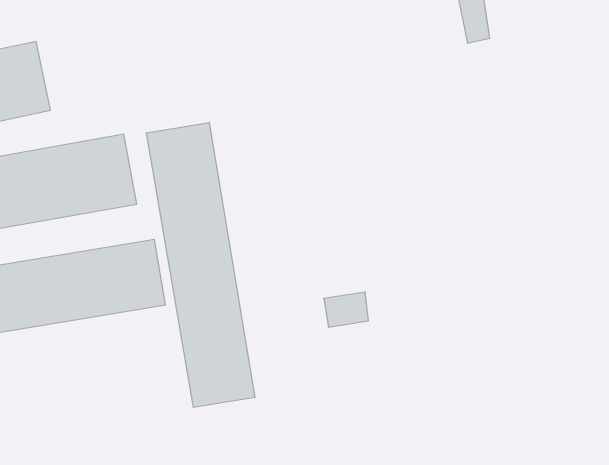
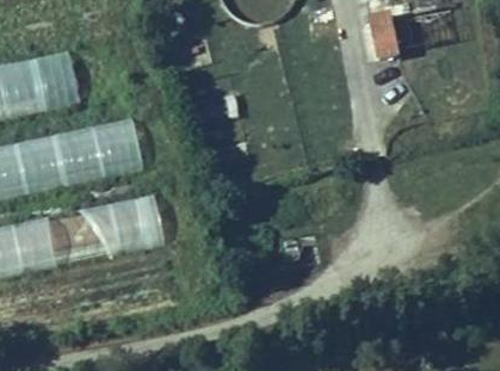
building: [146,122,255,407] -> none

